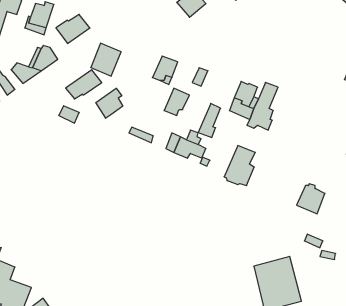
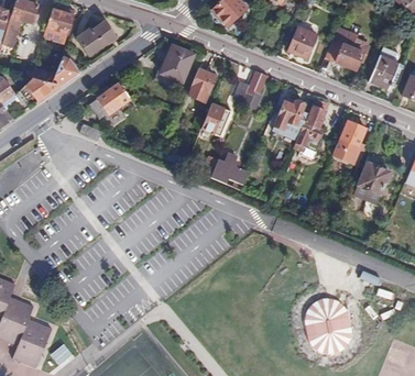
building: none -> [287,26,317,59]
building: none -> [325,36,367,71]
building: none -> [369,47,400,89]
building: [91,43,121,76] -> [160,45,194,82]
building: [96,88,123,118] -> none
building: [198,103,221,137] -> [241,69,266,108]
building: [224,146,255,186] -> [331,120,367,165]
building: [297,184,325,214] -> [356,161,387,195]

